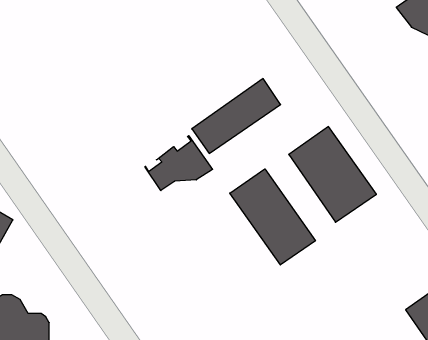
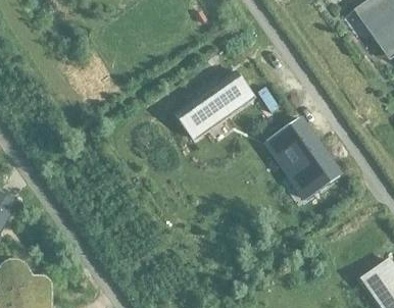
building: [145,136,213,191] -> none
building: [230,169,315,265] -> none

